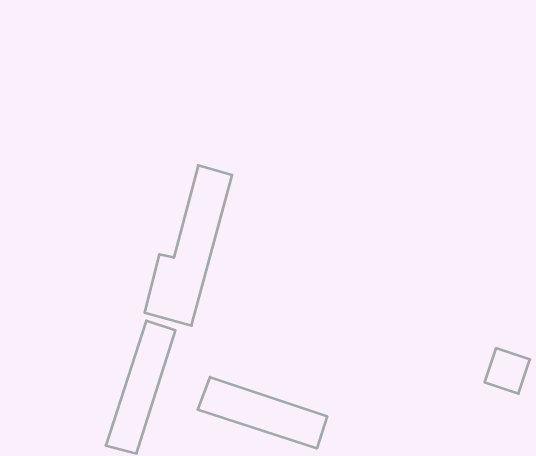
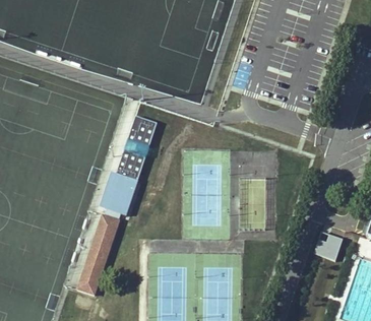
building: [198,377,327,448] -> none

